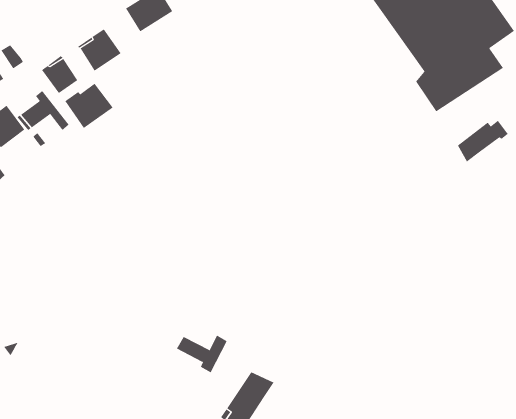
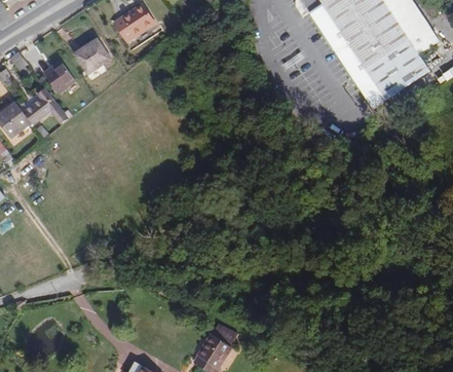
building: [64,83,114,129] -> none
building: [457,120,509,163] -> none
building: [176,335,228,373] -> none

